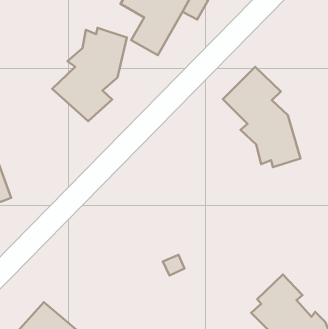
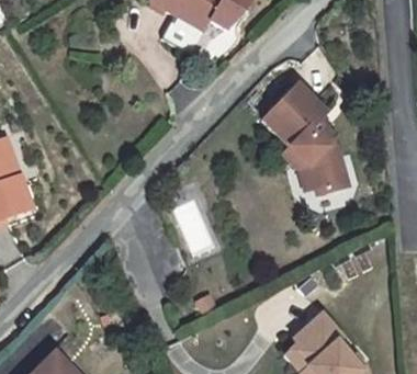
building: [52,28,127,121] -> none

